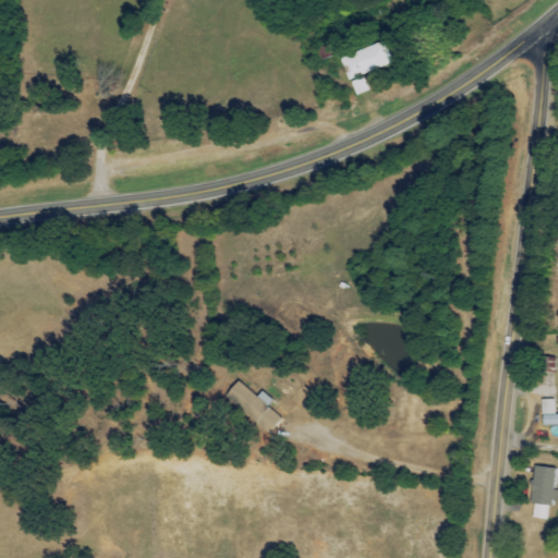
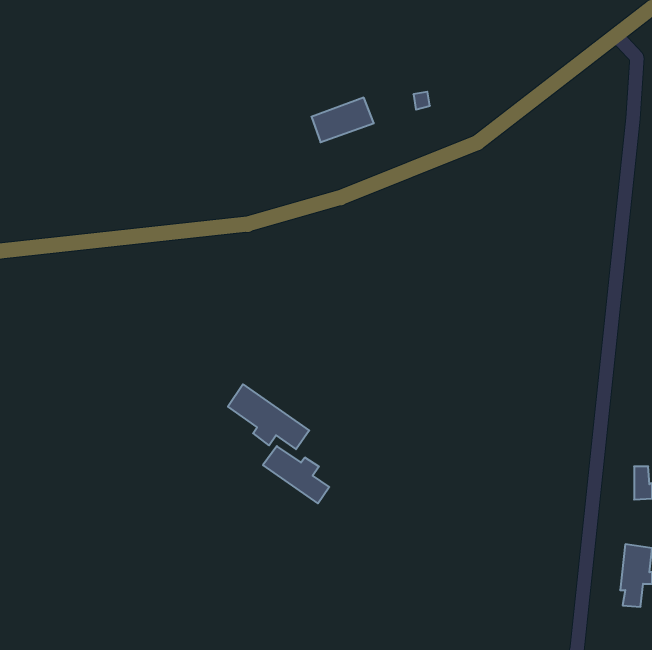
building: [340,40,393,78] -> [311,98,374,142]
building: none -> [228,384,309,449]

